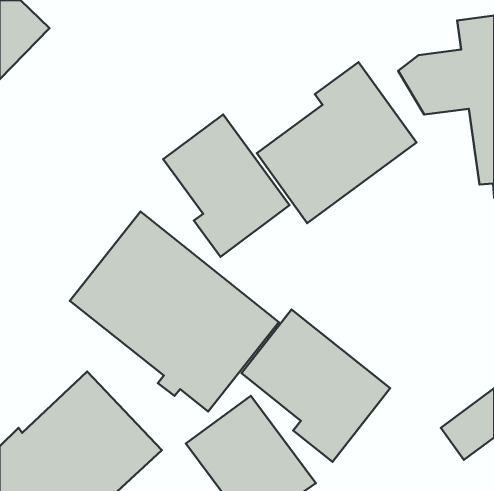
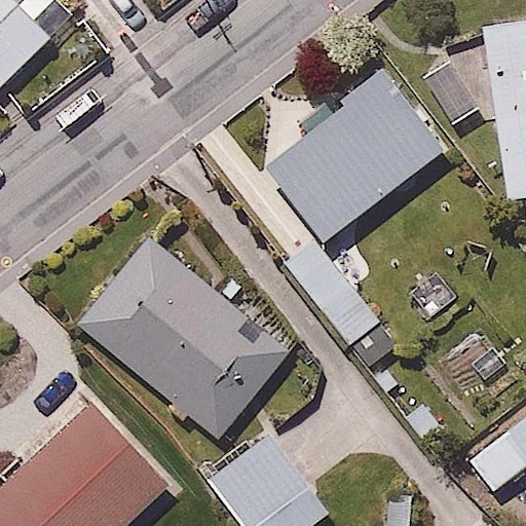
building: [163,114,290,257] -> none
building: [242,309,390,462] -> none

